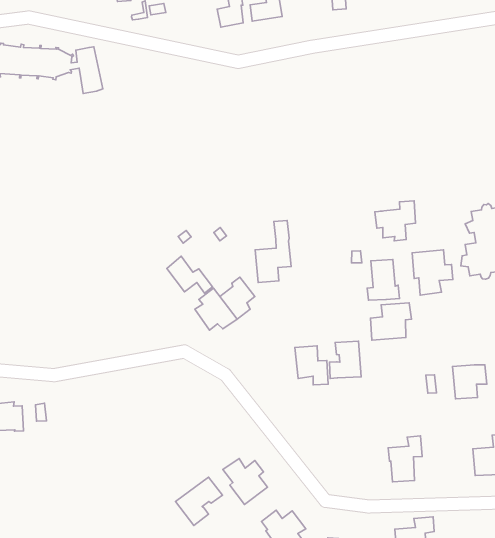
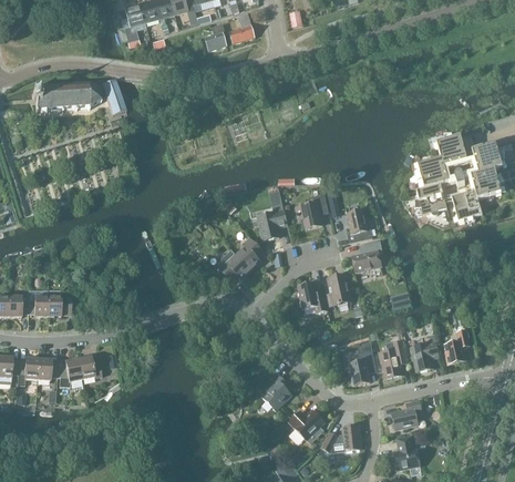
building: [375,201,416,241] -> [296,194,328,226]
building: [412,250,453,295] -> none
building: [167,256,213,293] -> none
building: [452,365,487,399] -> [411,341,439,370]
building: none -> [349,349,375,384]
building: [175,477,222,526] -> none

